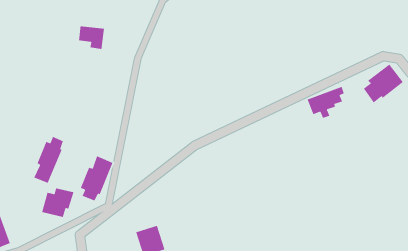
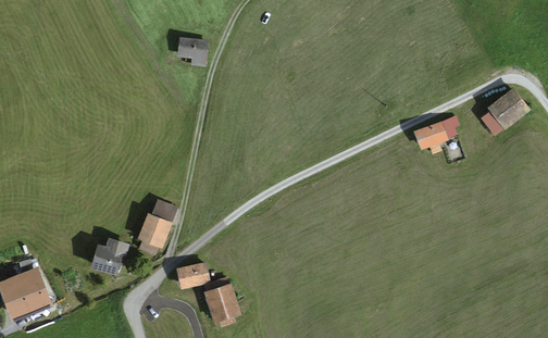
building: [78,26,105,50] -> [176,38,209,67]
building: [33,136,64,184] -> none
building: none -> [175,261,210,289]

